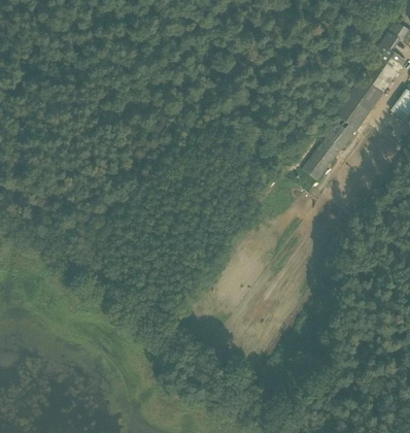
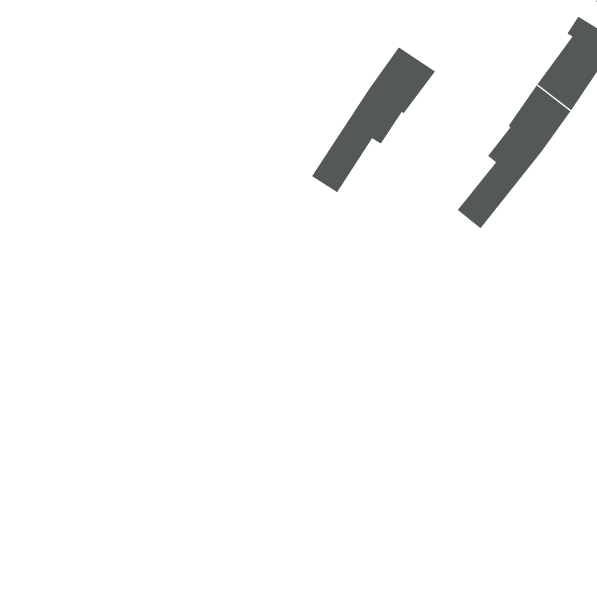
building: none -> [311,47,436,193]

